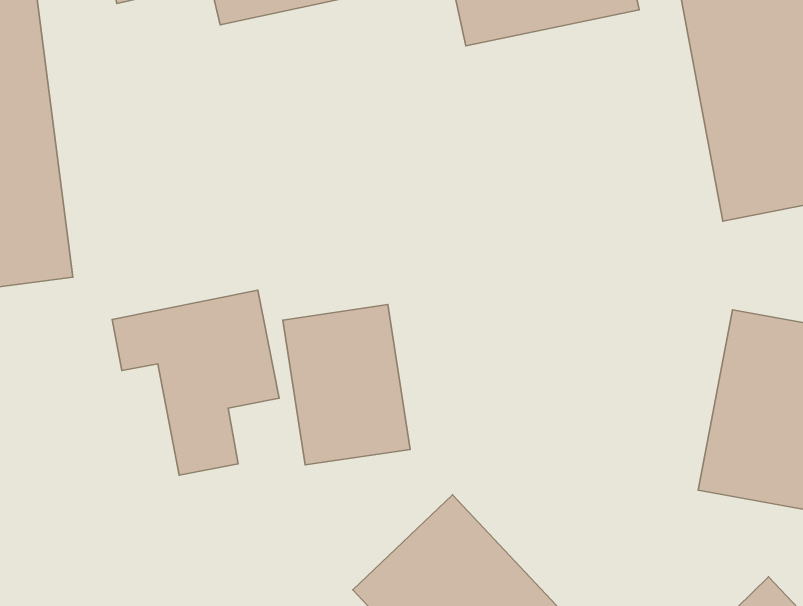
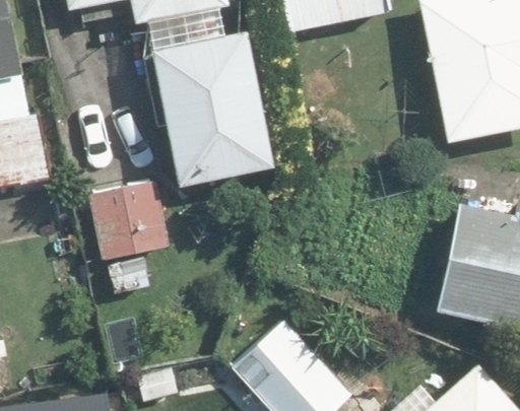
building: none -> [157,30,277,177]
building: [283,304,410,465] -> none

